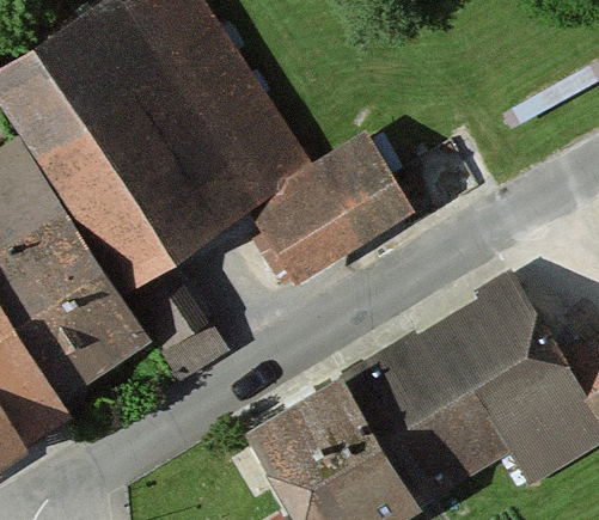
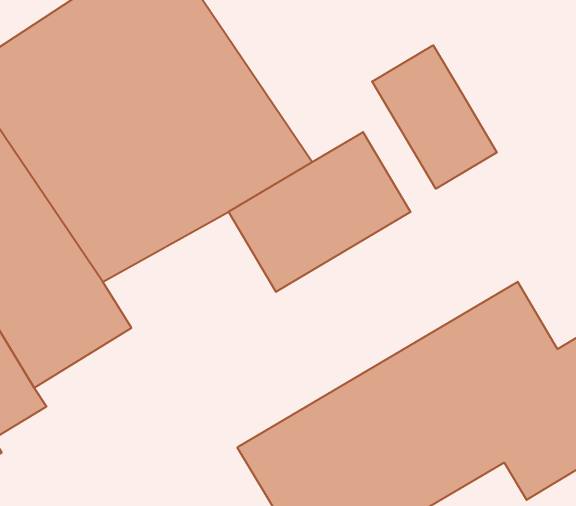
building: none -> [372,45,497,189]

